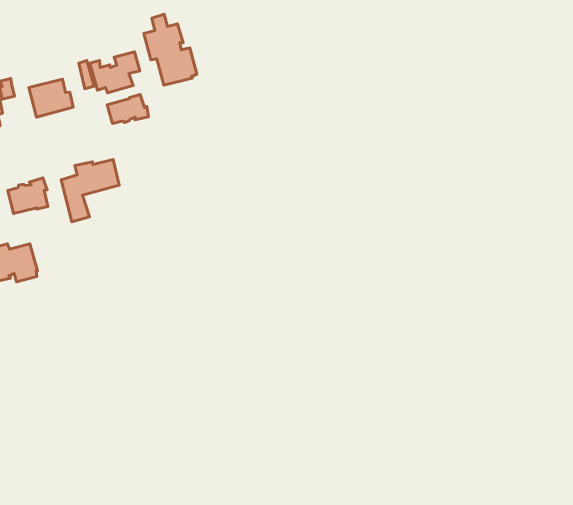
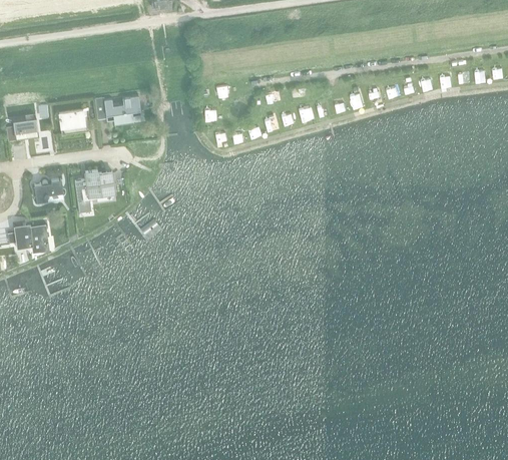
building: [144,14,197,85] -> none
building: [107,94,149,123] -> none

